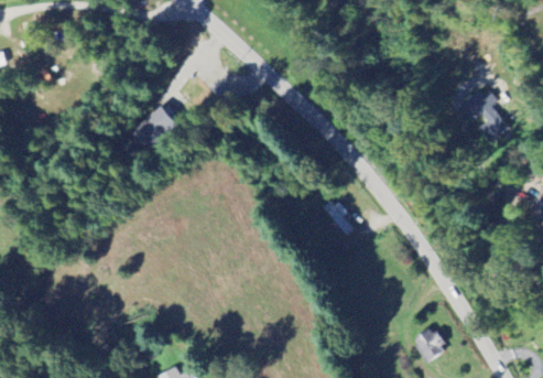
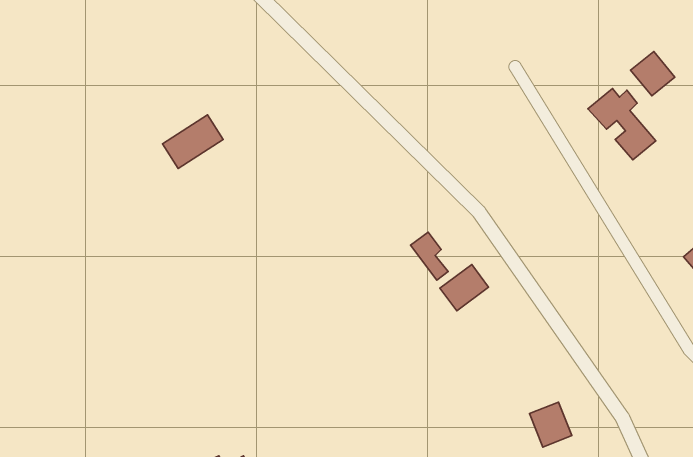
building: none -> [631,52,675,96]
building: none -> [440,264,489,311]

